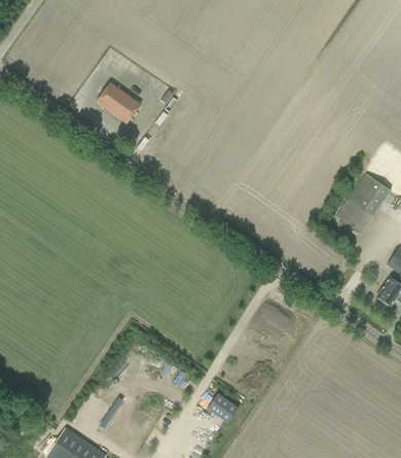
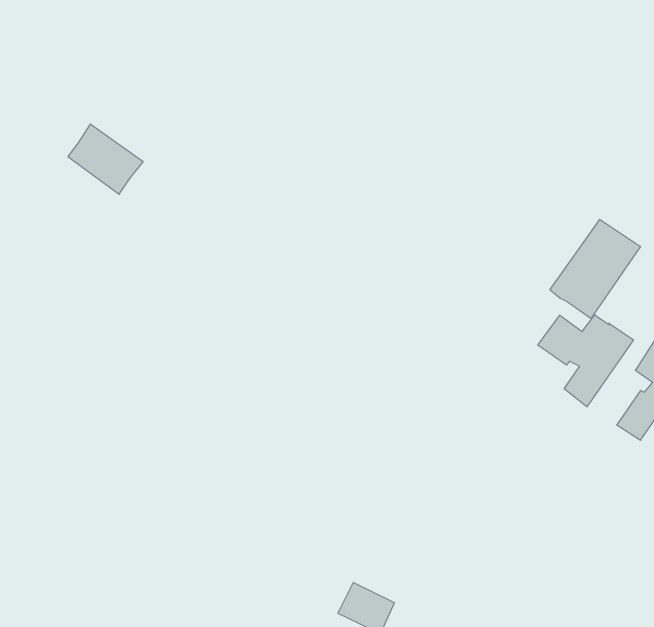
building: [96,81,141,124] -> [68,124,143,194]
building: none -> [538,315,633,407]

